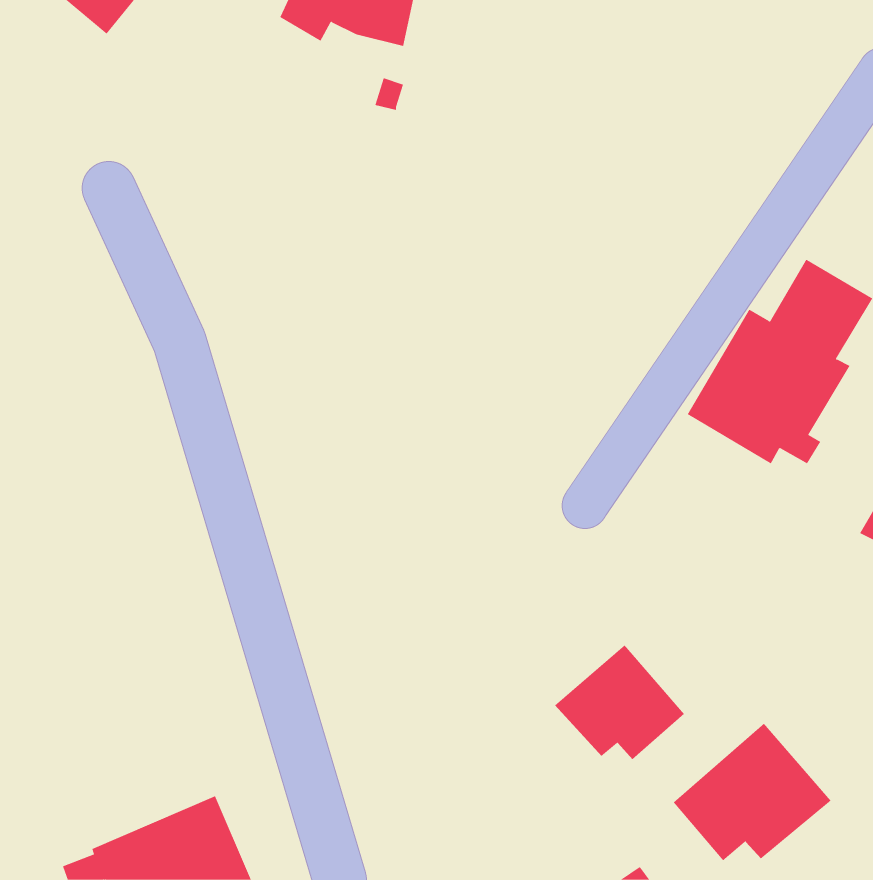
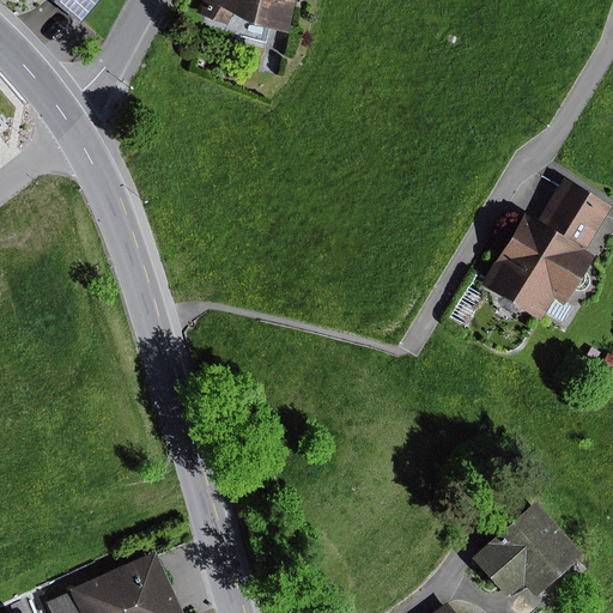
building: [554,645,685,760] -> none

